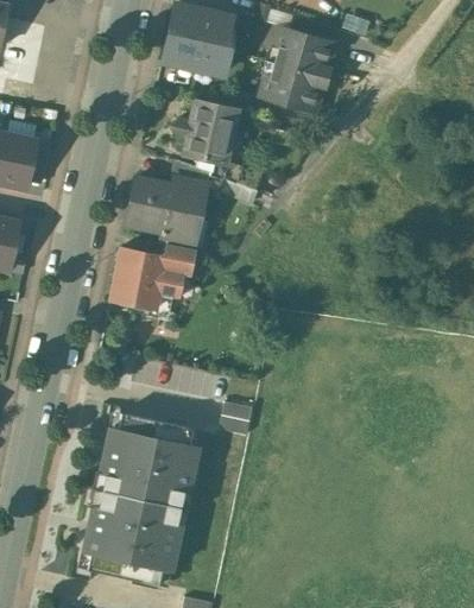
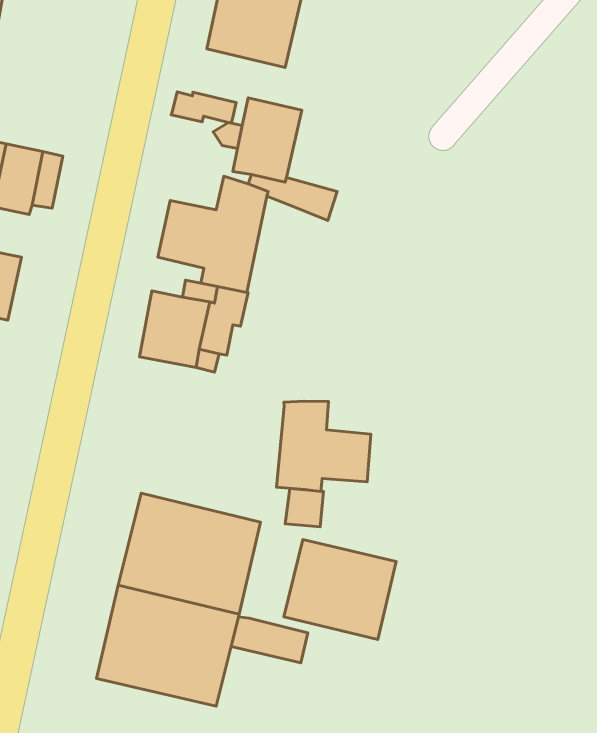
building: [263,28,337,112] -> none
building: none -> [171,92,236,123]
building: none -> [276,401,371,491]
building: none -> [284,539,396,640]
building: none -> [231,617,308,663]

